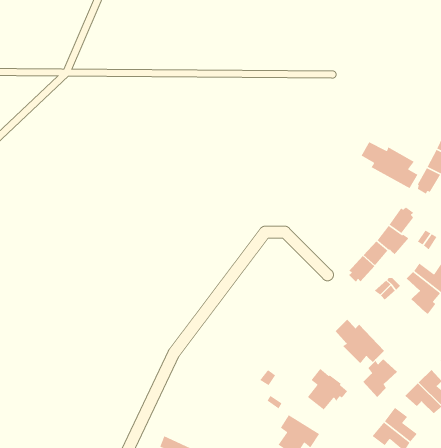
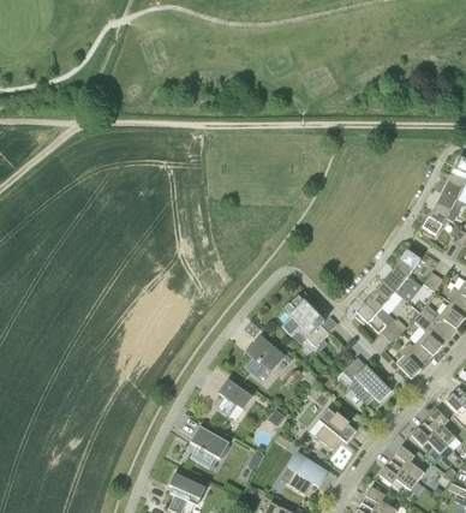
building: [360,141,418,189] -> none
building: none -> [281,296,329,346]
building: none -> [245,336,283,376]
building: none -> [217,380,251,416]
building: [362,359,398,398] -> [396,340,431,378]
building: none -> [190,425,229,469]

